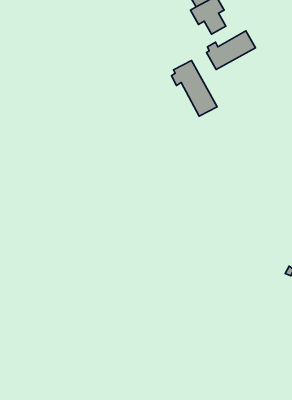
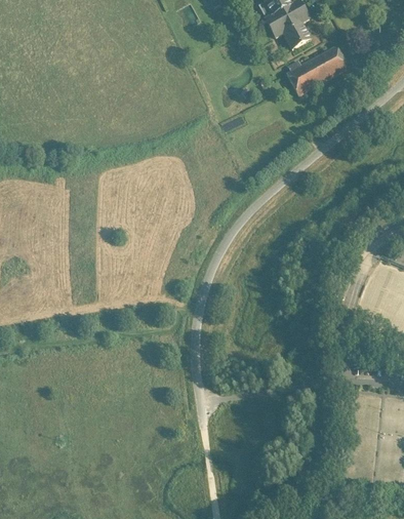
building: [171,60,217,116] -> none

